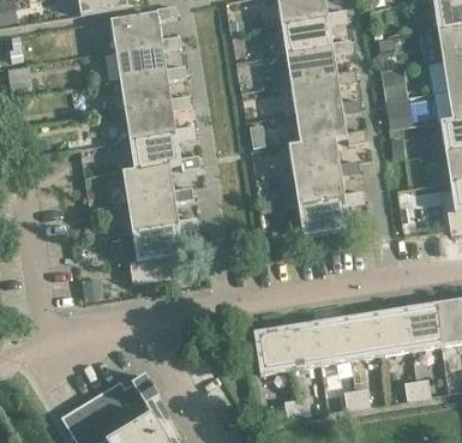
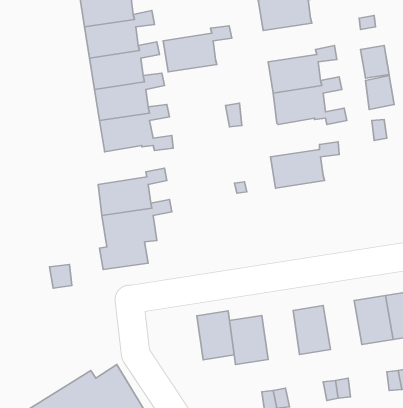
building: [284,40,350,84] -> [163,26,232,72]
building: [287,138,338,175] -> none
building: [120,164,173,202] -> none
building: [296,191,362,237] -> none
building: [342,313,379,360] -> none
building: [283,323,319,370] -> [197,311,234,360]

